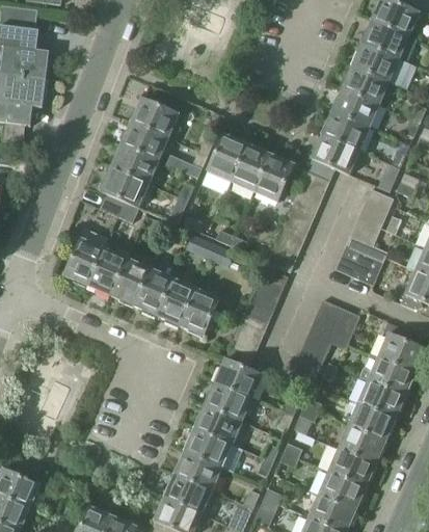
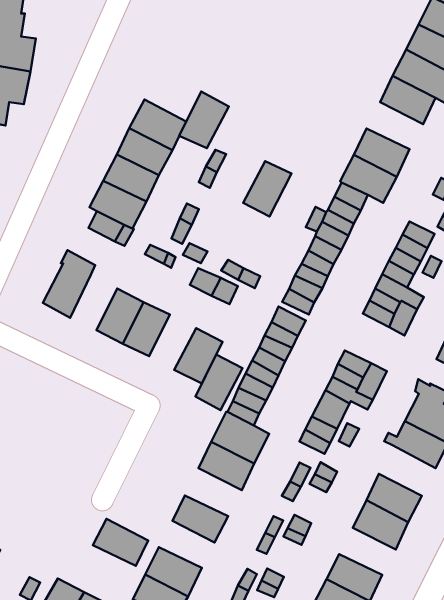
building: [330,89,378,128] -> none
building: [206,133,246,181] -> [179,92,229,148]
building: [252,154,293,202] -> none
building: [88,248,127,295] -> none
building: [157,278,195,325] -> [196,355,242,410]
building: [356,379,404,421] -> none
building: [193,407,241,447] -> none
building: [326,451,374,489] -> none
building: [173,453,220,491] -> [93,519,148,566]

